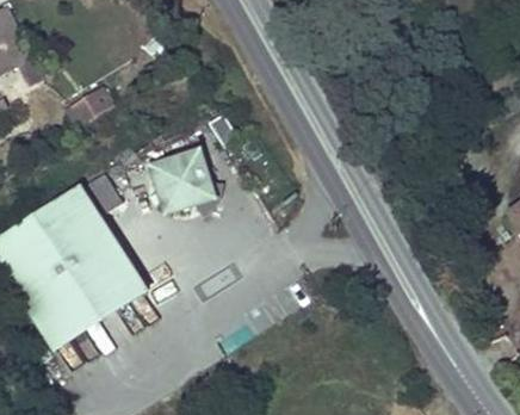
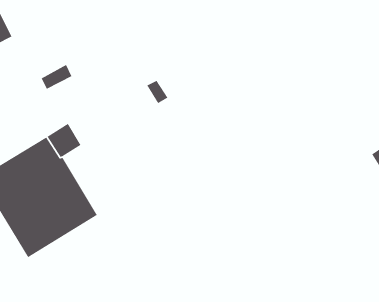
building: [156,157,222,211] -> none

